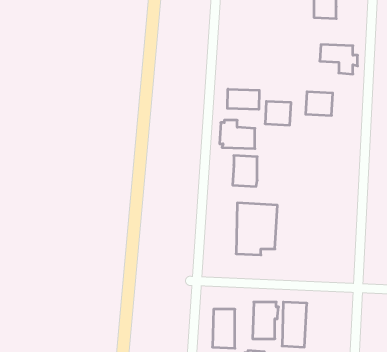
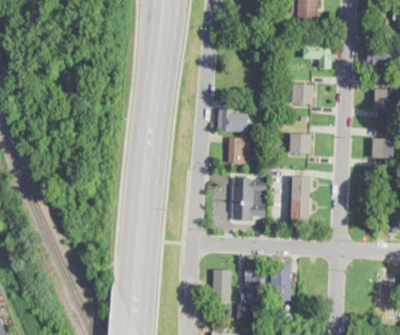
building: [227,89,259,109] -> none
building: [265,101,291,125] -> [290,134,312,154]
building: none -> [291,177,311,224]

